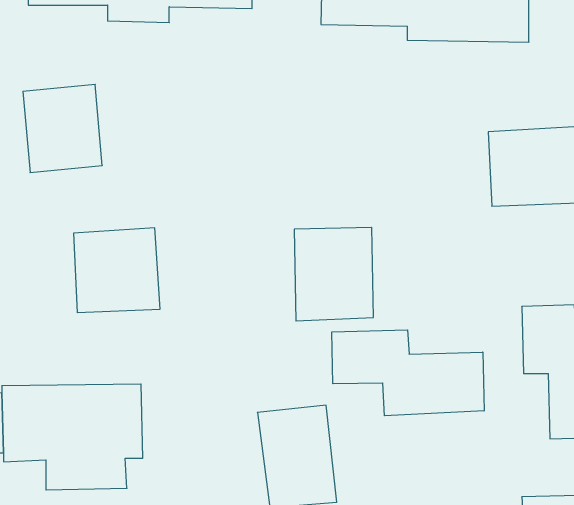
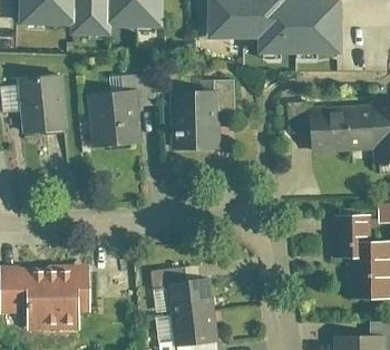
building: [294,227,373,321] -> [169,90,220,149]
building: [74,228,160,313] -> [88,91,143,145]
building: [332,330,484,416] -> none

